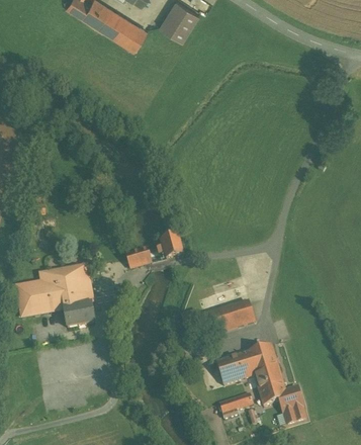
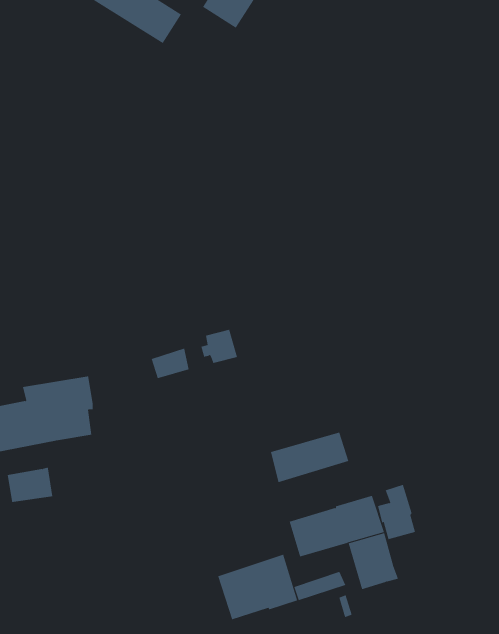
building: [65,302,95,326] -> [7,467,53,503]
building: none -> [218,554,298,620]
building: [280,385,305,422] -> [377,484,416,540]

